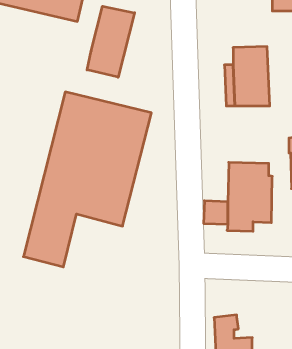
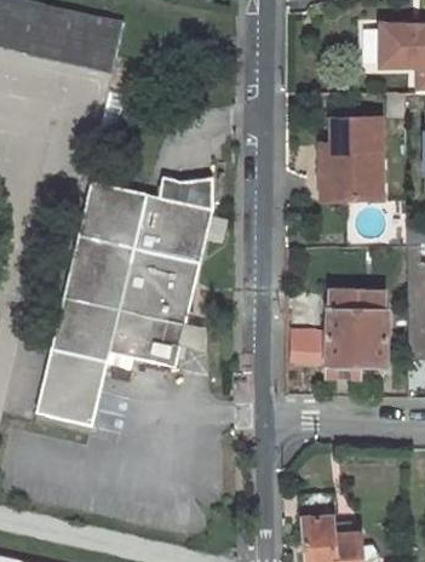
building: [87,6,135,77] -> none

